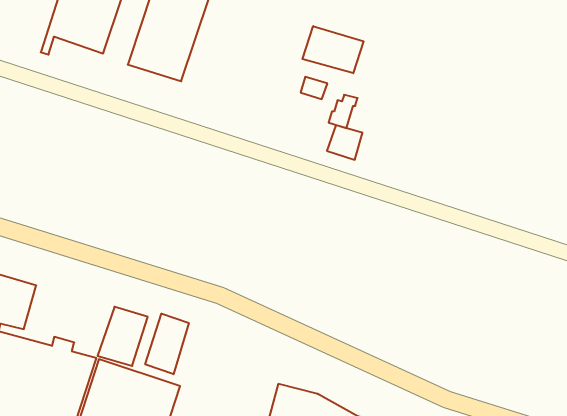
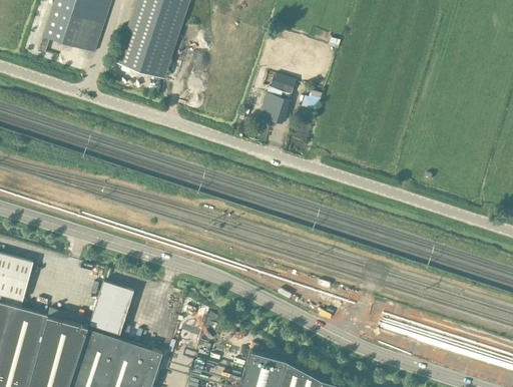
building: [302,26,364,73] -> none
building: [327,125,363,160] -> [258,95,290,126]
building: [145,314,189,374] -> none

